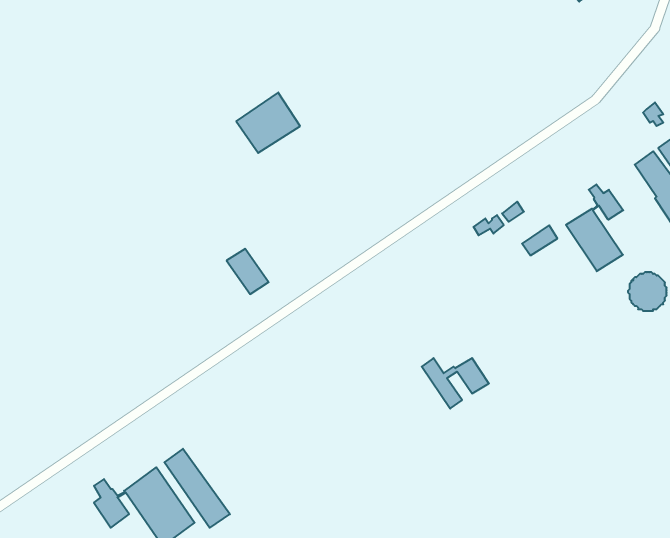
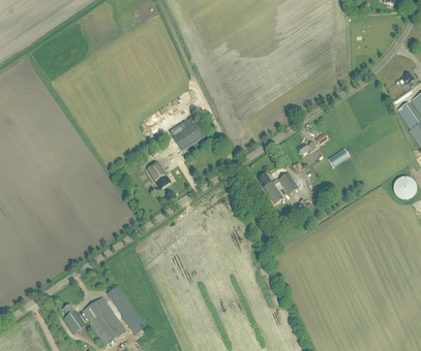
building: [236,92,300,153] -> [168,114,207,151]
building: [566,184,623,271] -> none
building: [422,358,489,409] -> [257,172,298,203]

